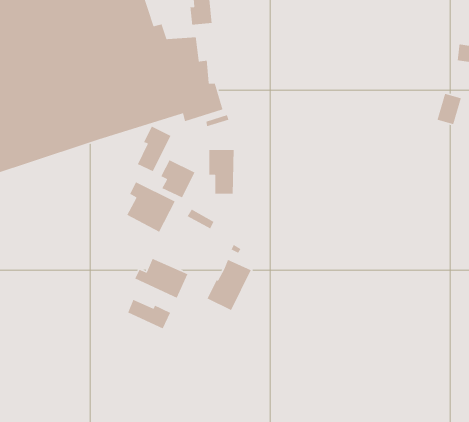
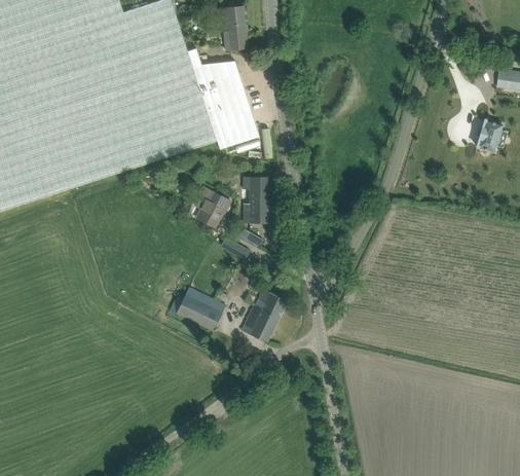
building: [137,125,172,172] -> none
building: [126,181,176,233] -> none
building: [127,299,171,330] -> none

